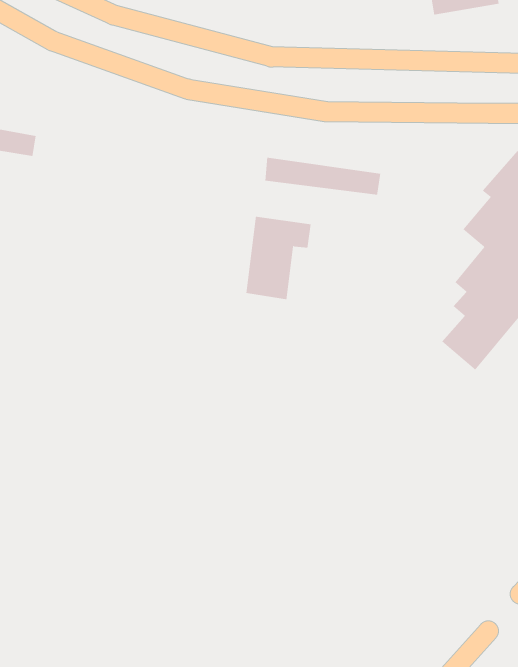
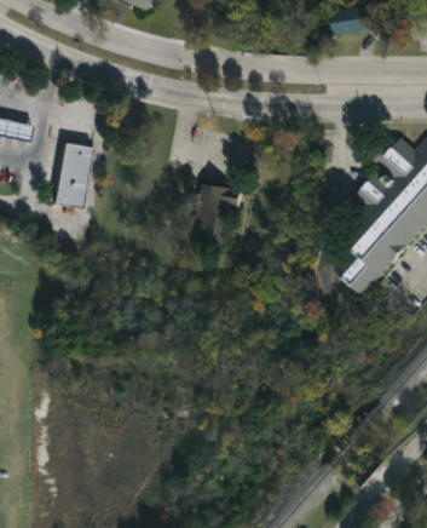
building: [265,157,381,195] -> none
building: none -> [52,144,90,208]

